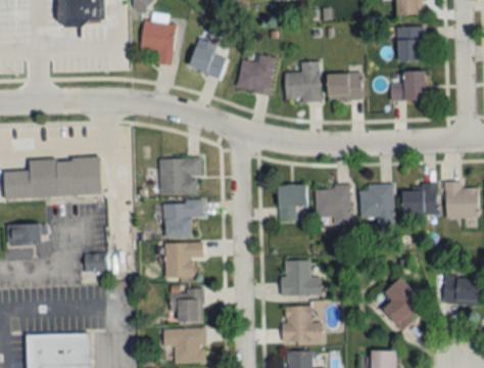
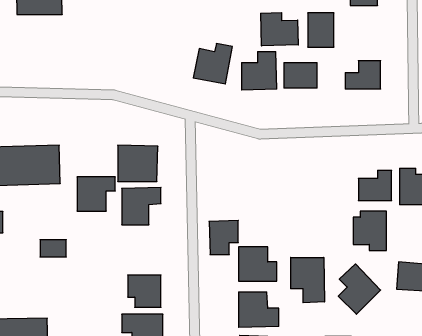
building: [140,19,176,65] -> none
building: none -> [261,13,298,46]
building: [397,28,424,62] -> [308,13,334,47]
building: [188,39,226,79] -> none
building: [359,184,393,224] -> [353,211,386,250]
building: [278,185,307,220] -> [209,220,238,255]
building: [314,187,350,225] -> none
building: [164,243,203,278] -> [77,177,115,211]
building: none -> [291,257,324,303]

